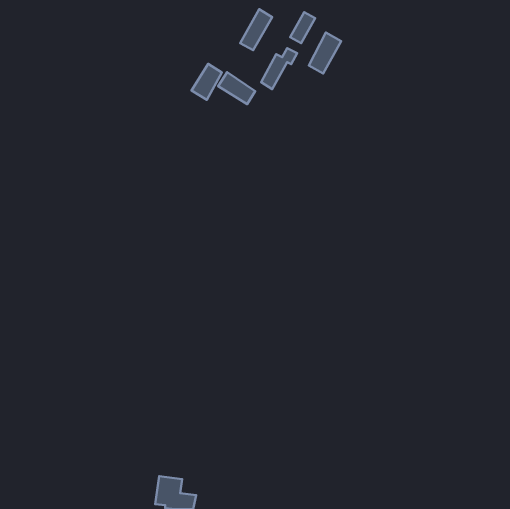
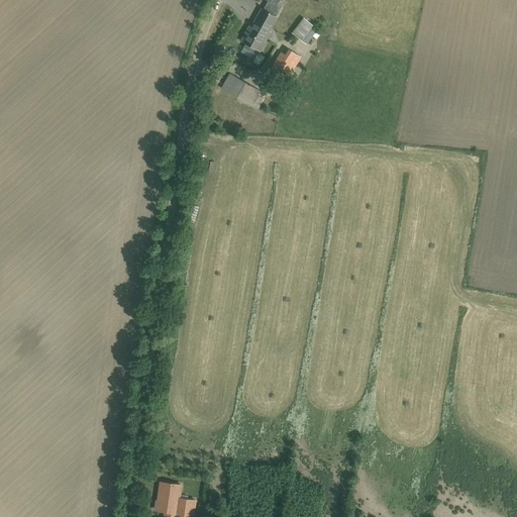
building: [309,33,341,74] -> none
building: [192,64,222,100] -> none

